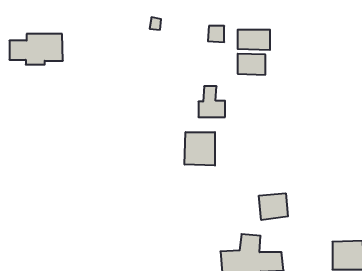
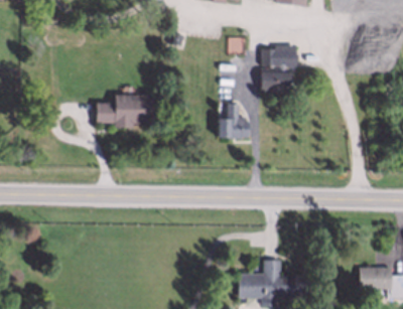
building: [9,34,63,65] -> [95,95,151,127]
building: [185,132,215,166] -> none
building: [259,193,288,220] -> none

